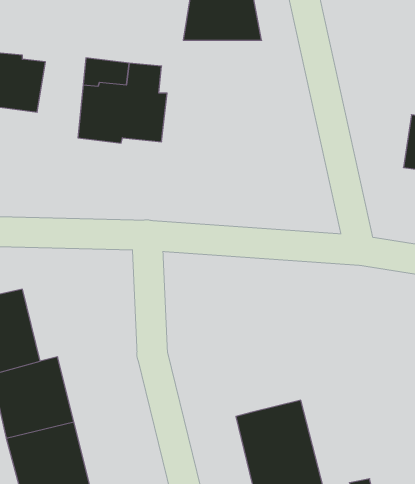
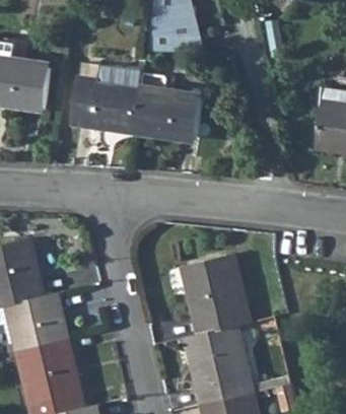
building: none -> [132,92,197,135]
building: none -> [183,253,249,332]

